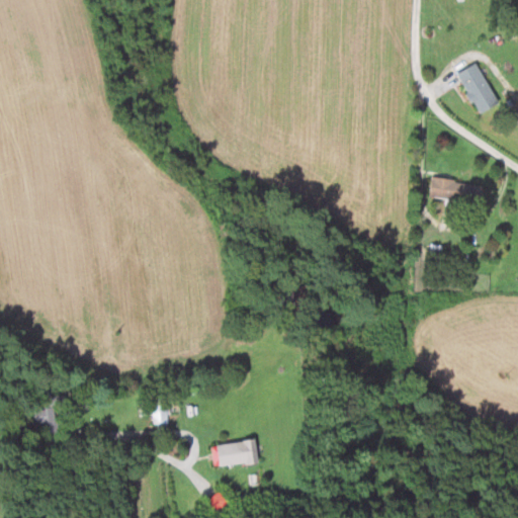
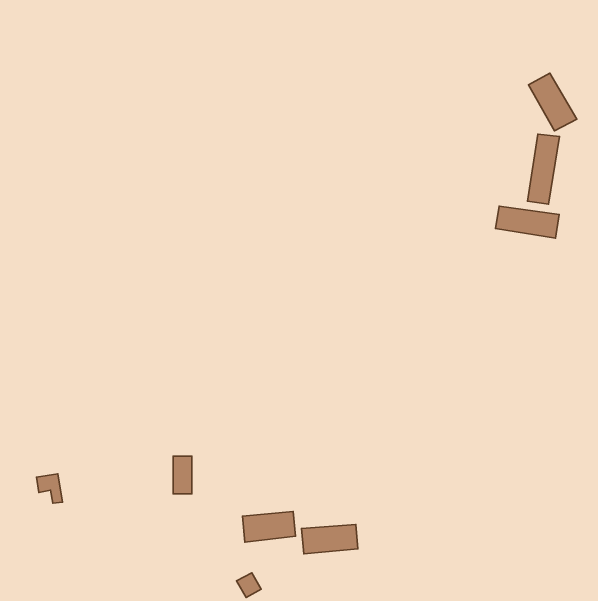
building: none -> [528,134,560,204]
building: none -> [301,525,358,554]

